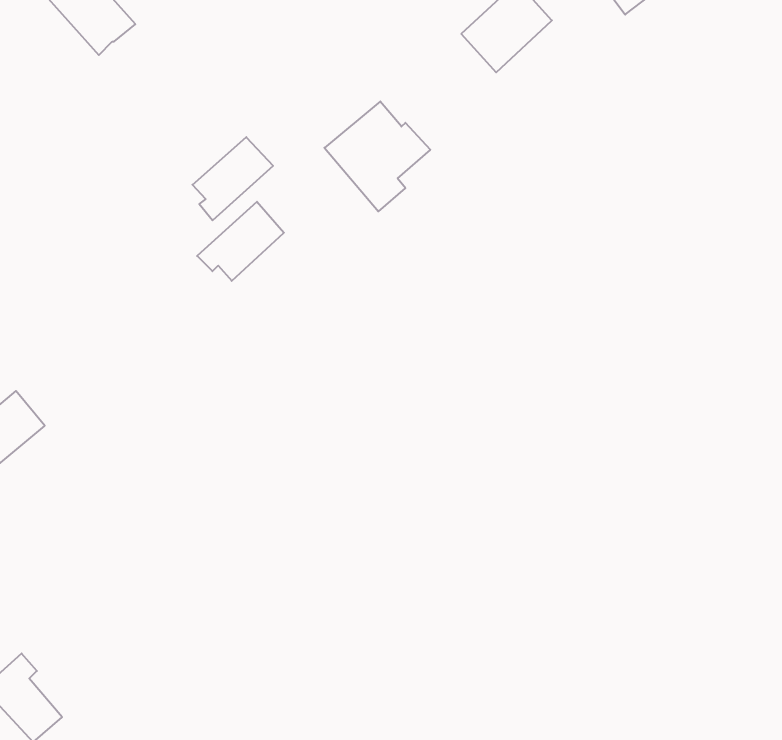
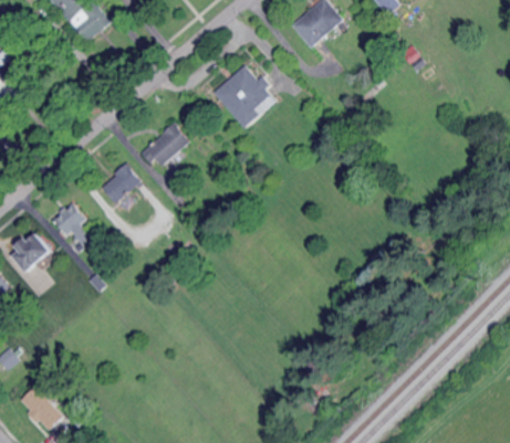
building: [192,137,273,220] -> none
building: none -> [101,165,140,203]
building: none -> [51,202,91,252]

